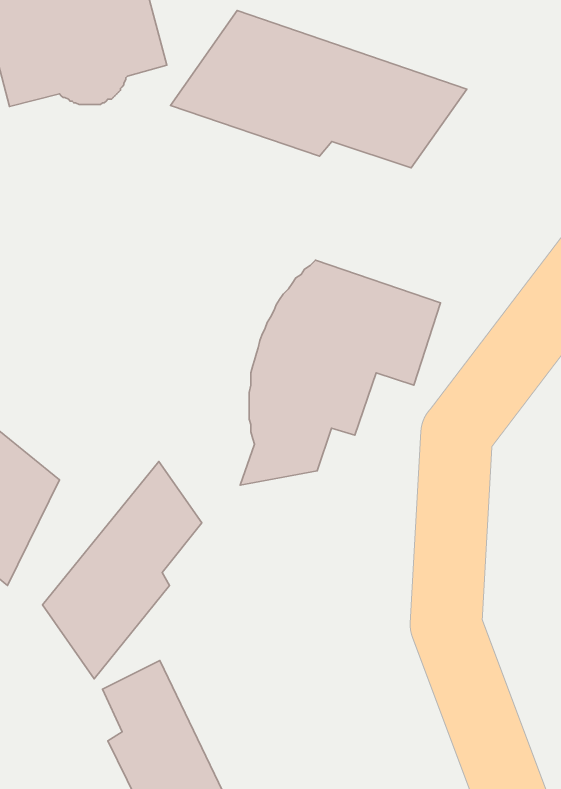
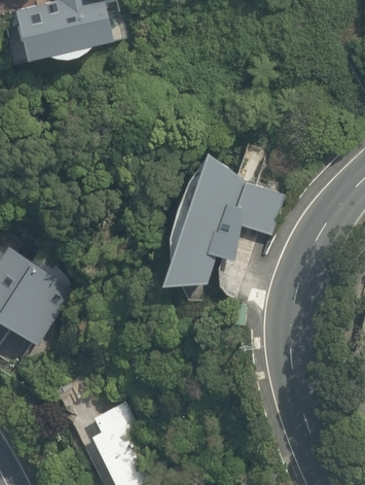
building: [170,11,467,168] -> none
building: [42,462,202,679] -> none

